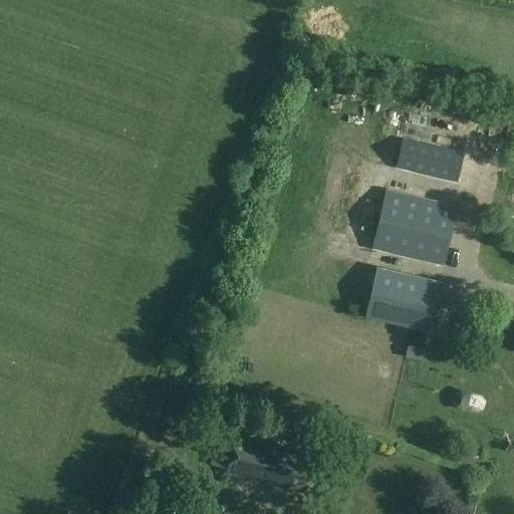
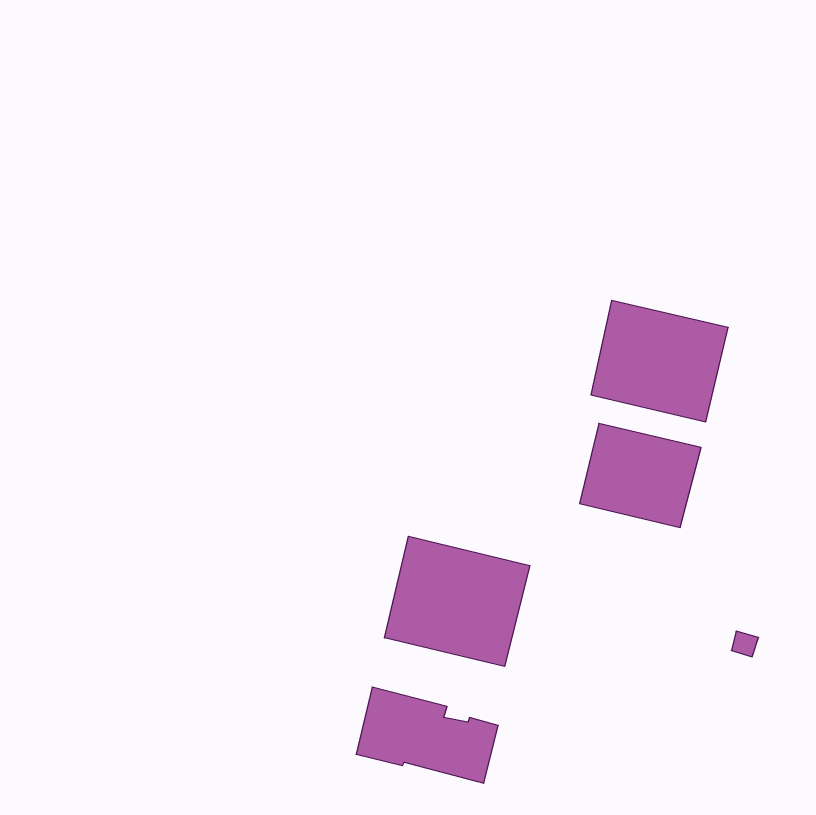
building: [396,138,464,182] -> none
building: none -> [385,536,530,666]

